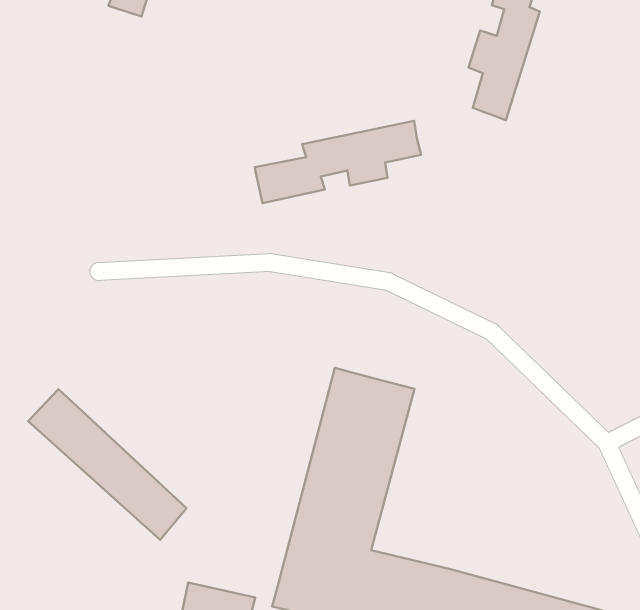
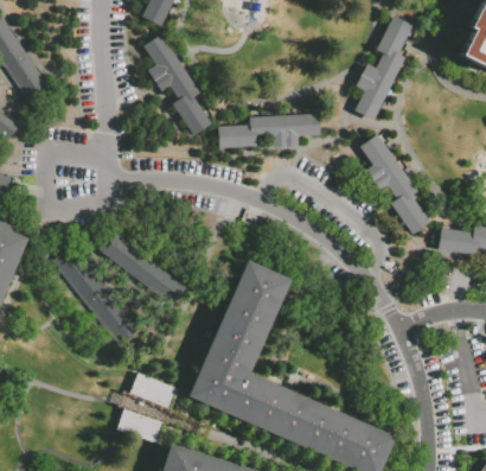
building: none -> [142,34,211,135]
building: none -> [359,134,429,234]
building: none -> [105,234,188,304]

